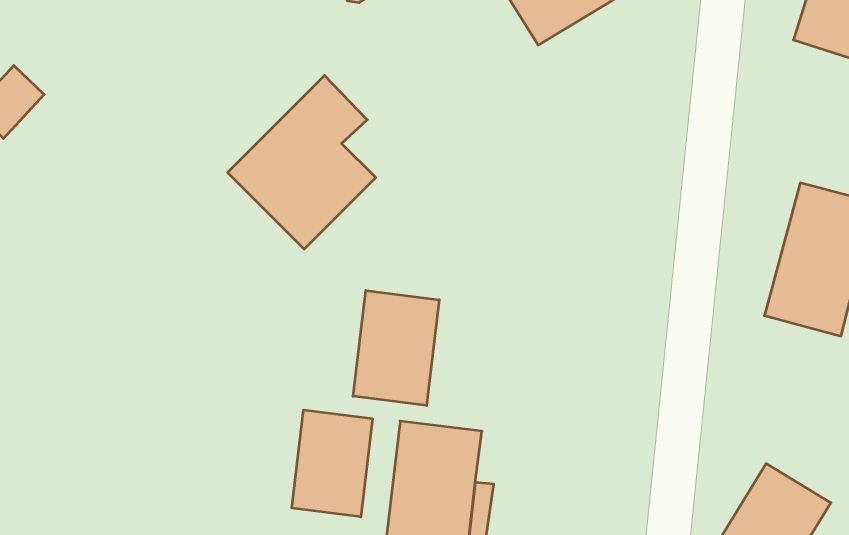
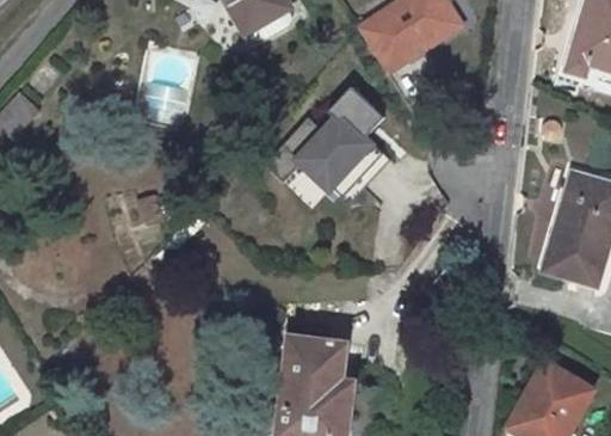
building: [228,75,376,249] -> [283,85,387,207]
building: [353,290,439,406] -> none
building: [292,410,372,517] -> none

